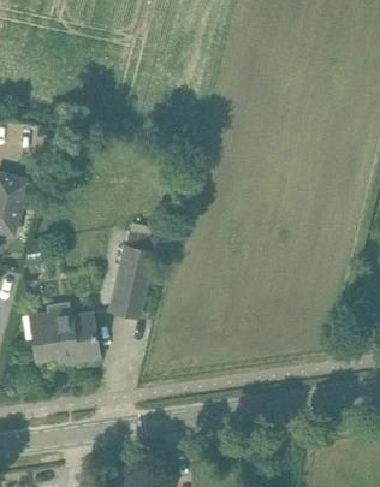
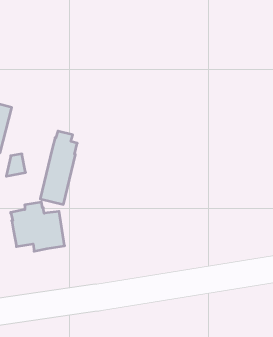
building: [108,224,156,319] -> [40,131,77,204]

